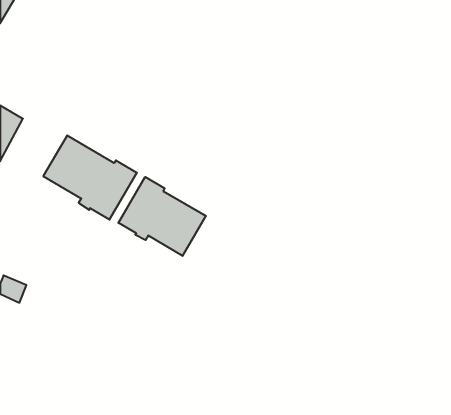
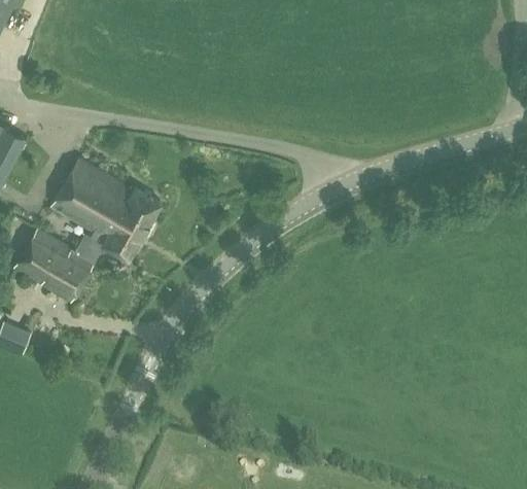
building: [118,177,206,256] -> none
building: none -> [13,229,104,302]

